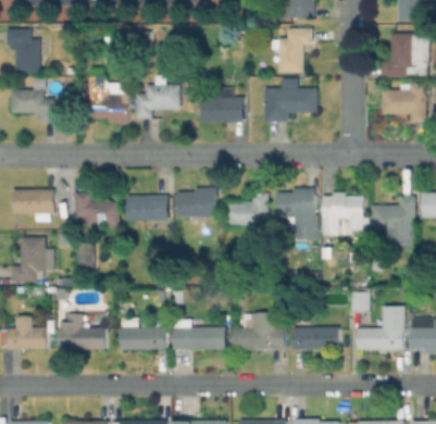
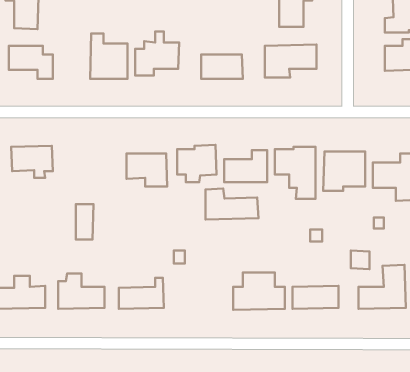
building: [76,191,120,227] -> none
building: [12,237,50,280] -> none
building: [173,319,225,349] -> [206,189,258,219]

